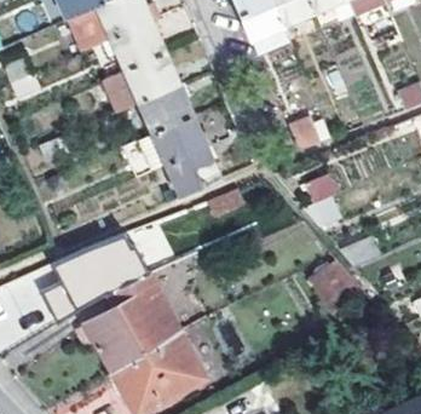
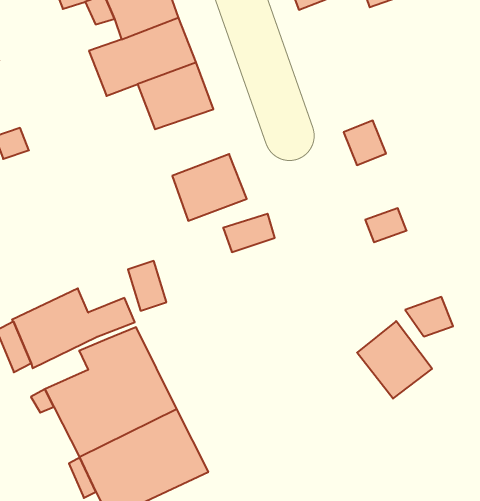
building: [139,115,207,169] -> none

